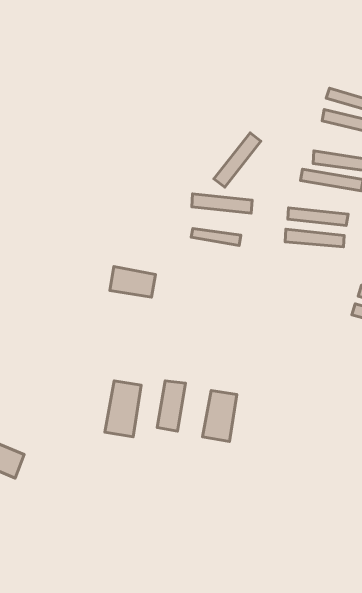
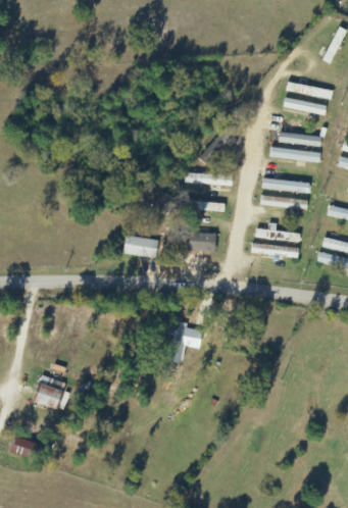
building: none -> [255,222,301,241]
building: none -> [175,232,214,250]
building: none -> [250,244,298,261]
building: [105,381,141,437] -> none
building: [202,390,237,442] -> none

